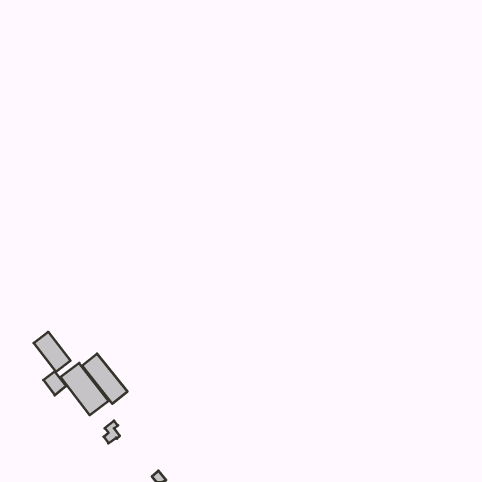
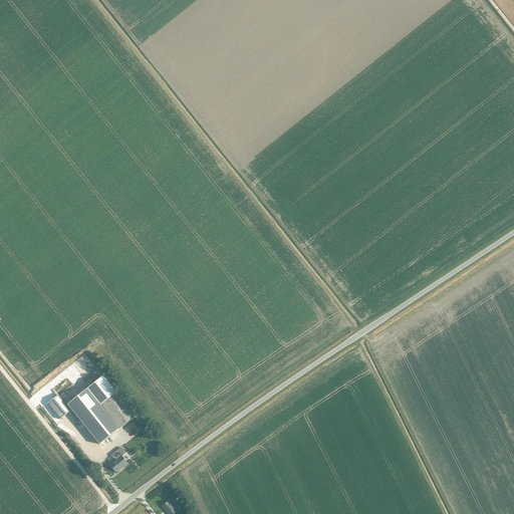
building: [34,332,70,372] -> none

